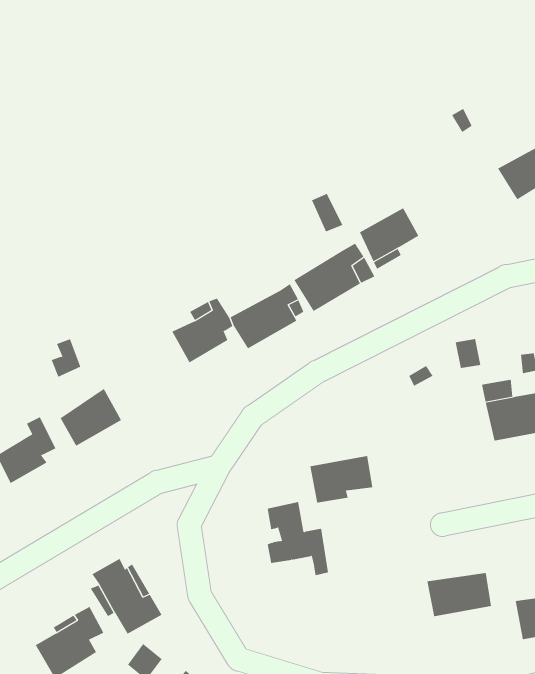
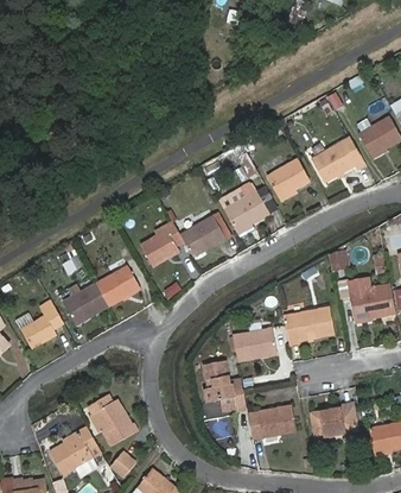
building: none -> [312,138,364,183]
building: none -> [96,265,141,304]
building: none -> [284,308,335,341]
building: none -> [256,403,295,435]

